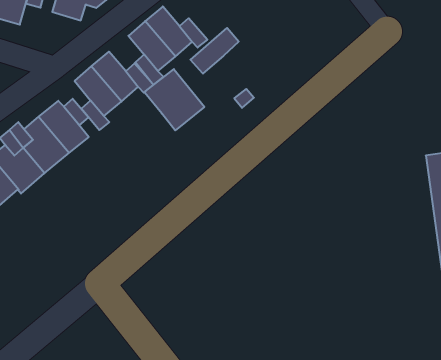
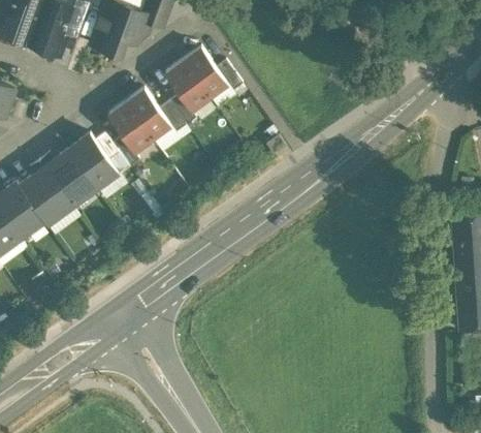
building: [190,28,239,74] -> none
building: [145,69,204,130] -> none

